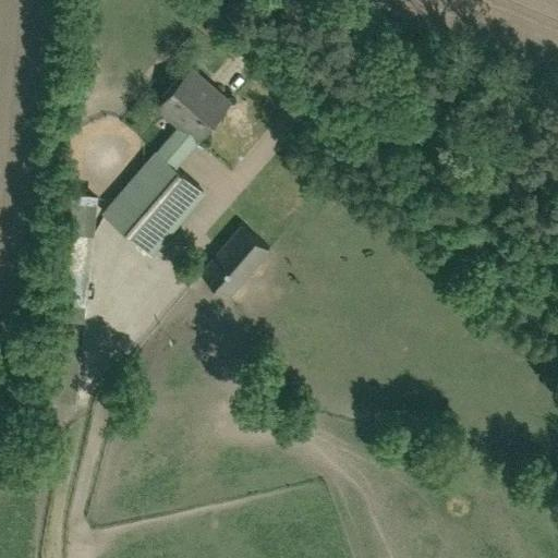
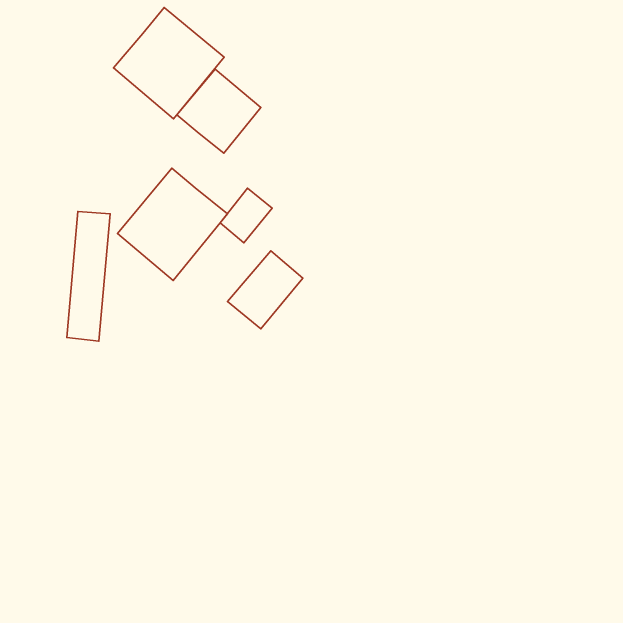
building: none -> [114,8,224,119]
building: [151,125,197,173] -> [220,188,272,243]

